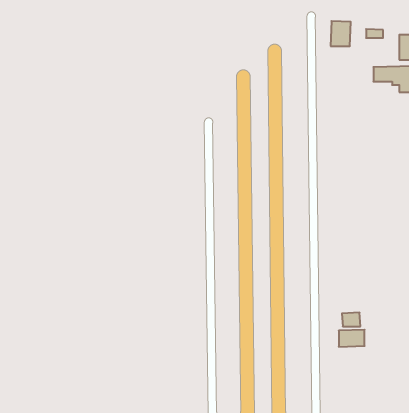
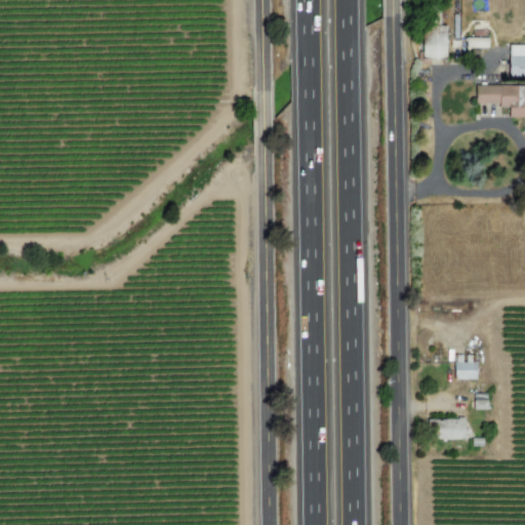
building: [342,313,360,326] -> [456,362,480,379]

